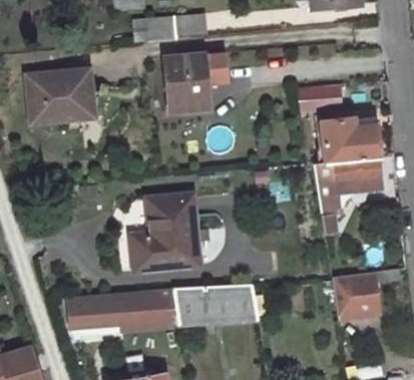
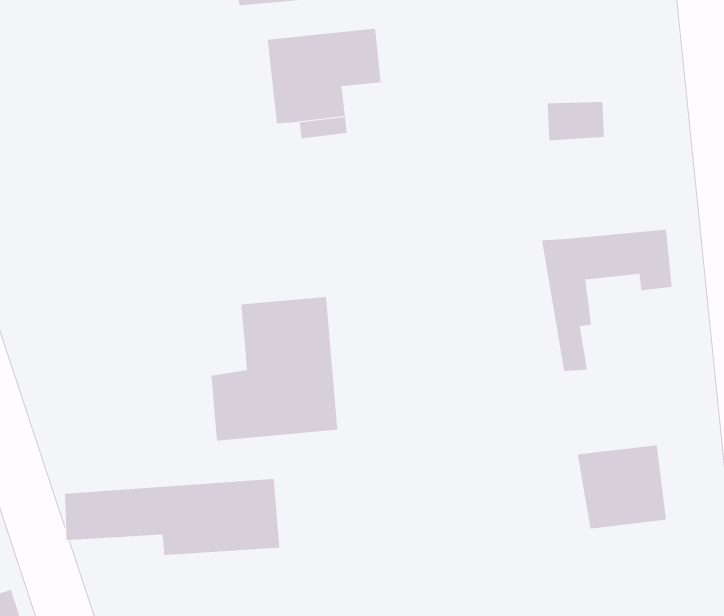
building: [27,65,96,121] -> none
building: [320,118,379,162] -> none
building: [170,284,258,333] -> none

